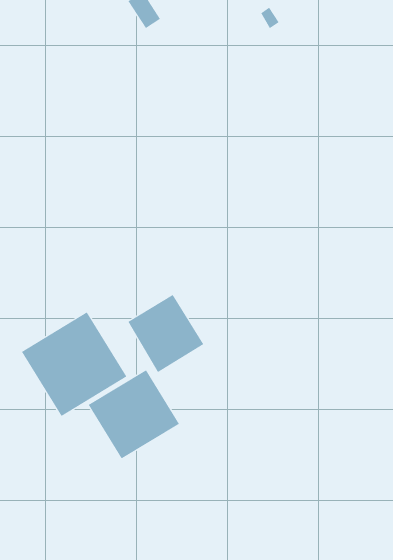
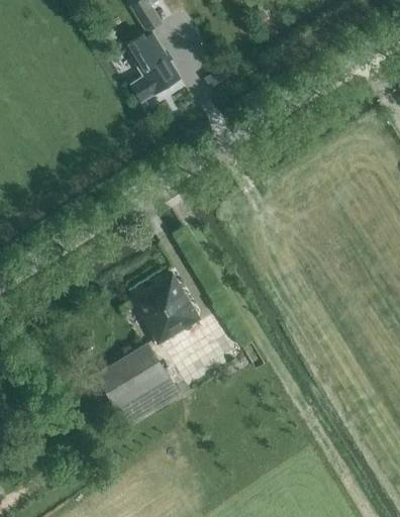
building: none -> [125,33,181,101]
building: [21,311,127,417] -> none

